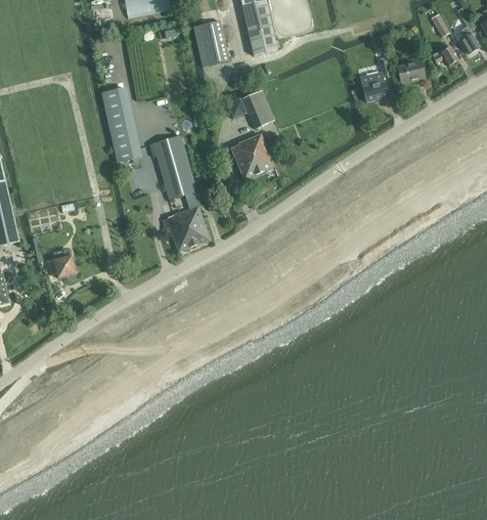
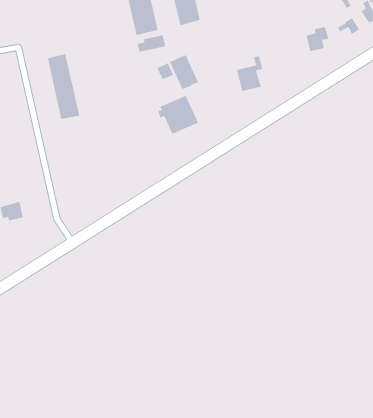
building: [359,60,390,101] -> [236,55,263,91]
building: none -> [137,34,166,52]
building: [151,135,209,251] -> none

